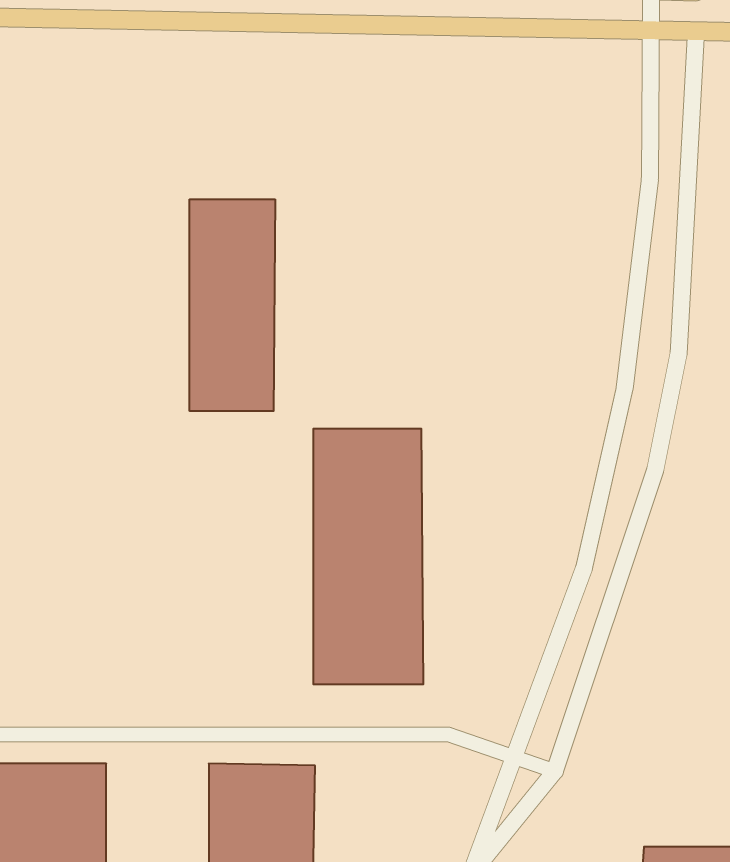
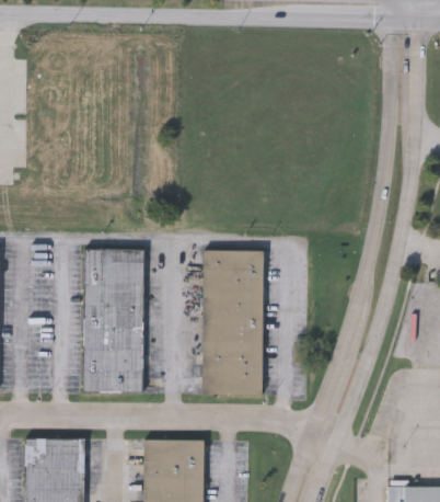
building: [190,199,275,411] -> none
building: none -> [84,248,146,393]

